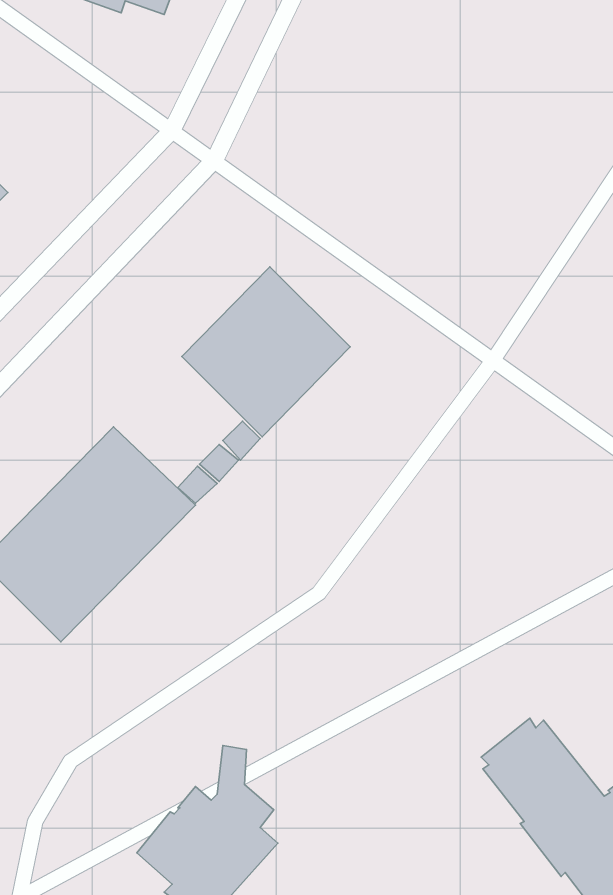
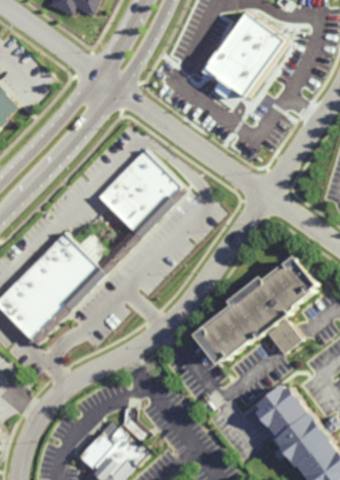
building: none -> [205,12,285,97]
building: none -> [201,258,314,360]

